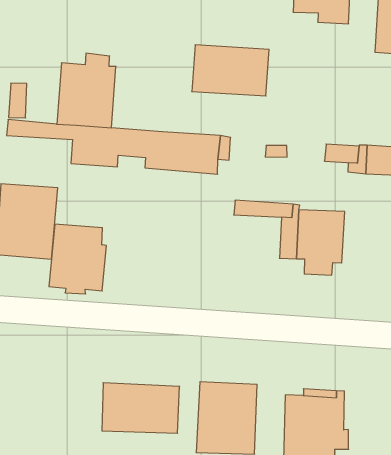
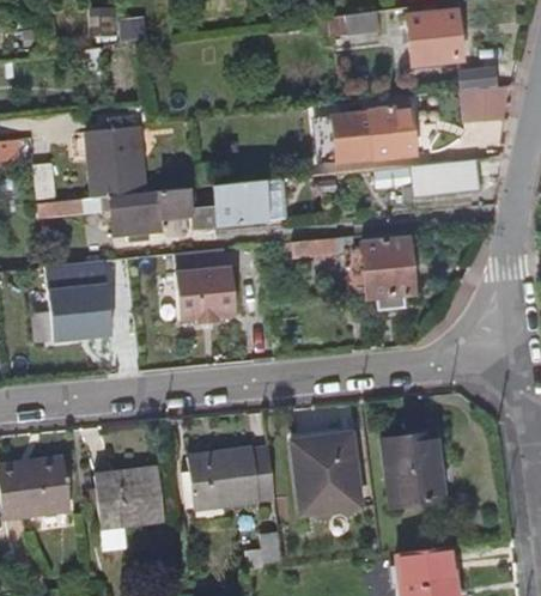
building: [192,45,269,96] -> [332,107,414,164]
building: [49,224,106,294] -> [176,251,237,326]
building: none -> [95,470,164,529]

